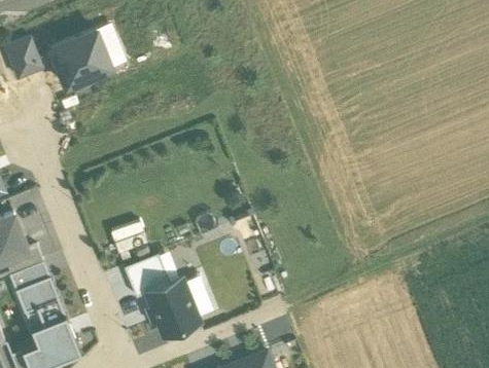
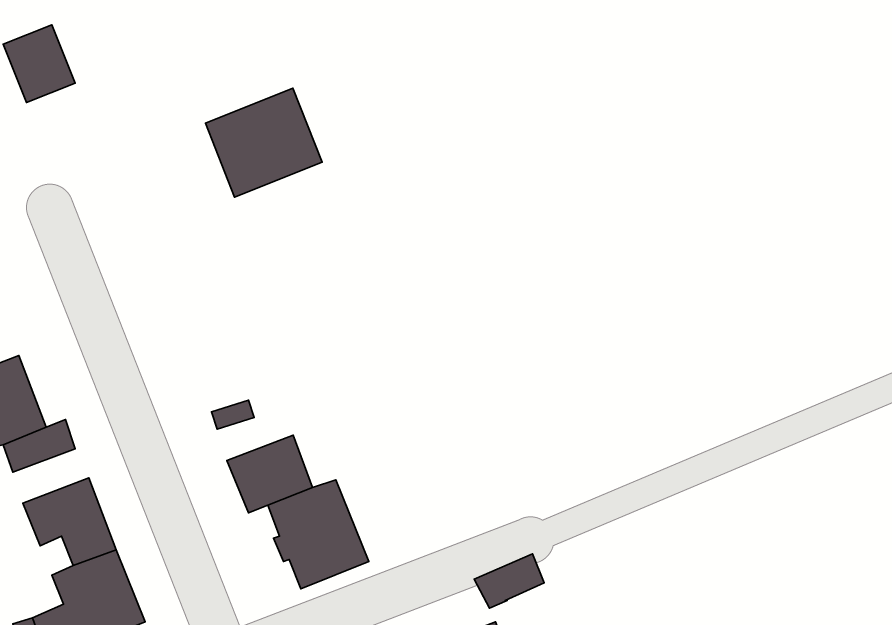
building: [49,29,111,86] -> [205,88,322,197]
building: [10,261,50,290] -> none

